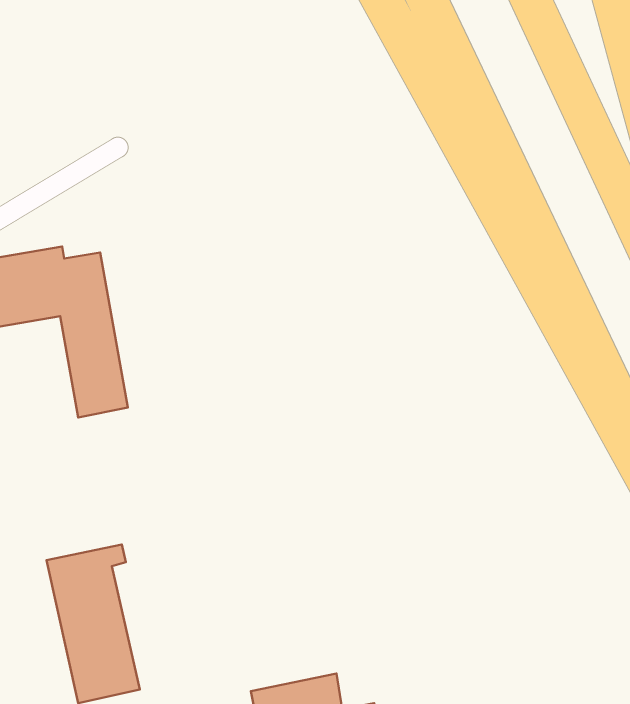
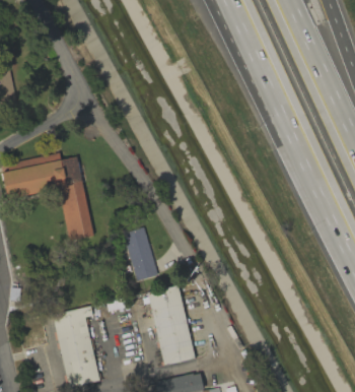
building: none -> [123,227,158,282]
building: none -> [148,286,195,367]

